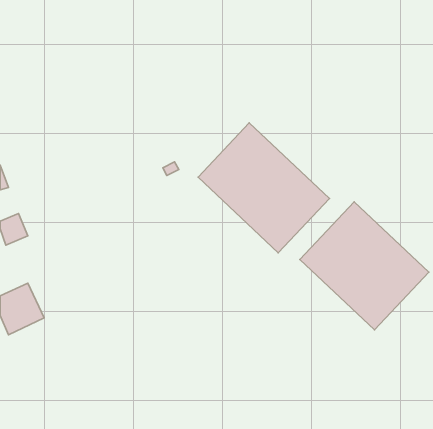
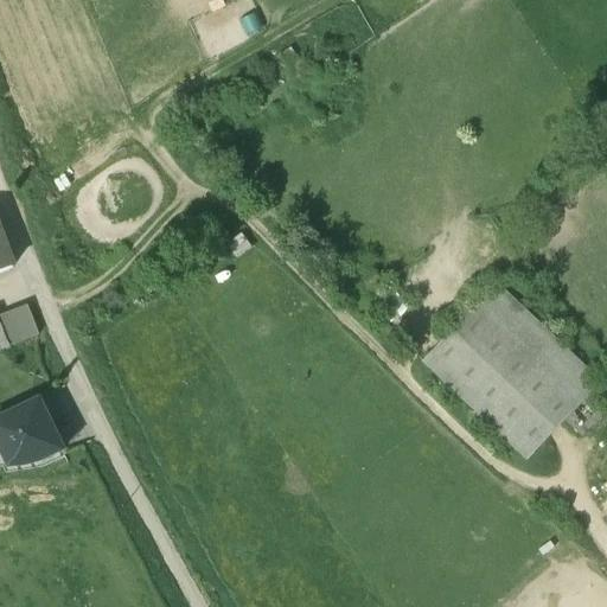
building: [198,123,330,253] -> none

